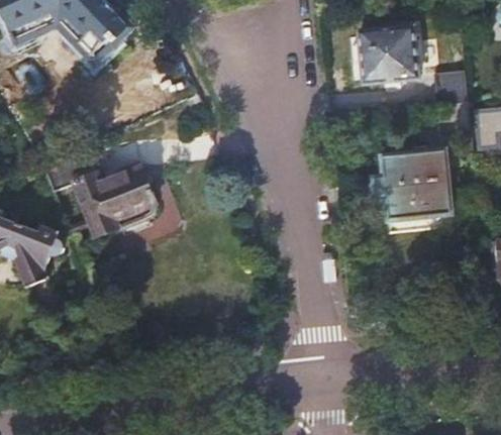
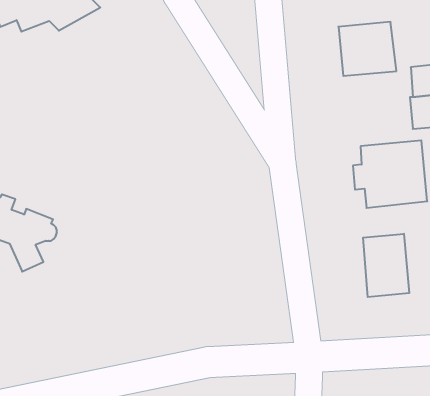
building: [66,11,130,67] -> none
building: [42,147,157,237] -> none
building: none -> [363,234,409,297]

